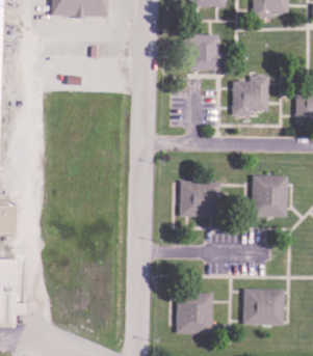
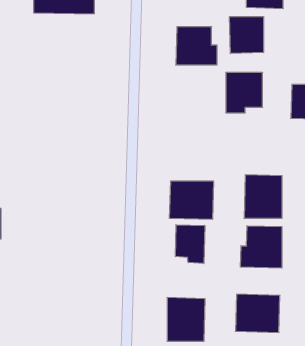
building: none -> [230,17,263,54]
building: none -> [175,225,205,264]
building: none -> [241,226,282,268]

